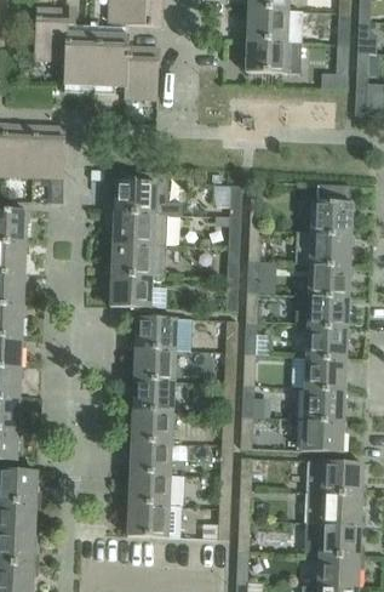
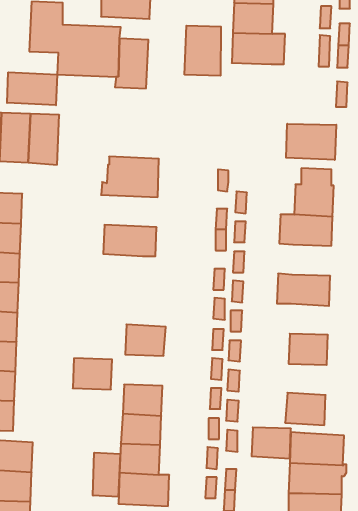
building: none -> [185,26,221,76]
building: none -> [7,72,57,105]
building: none -> [286,124,336,160]
building: [109,210,168,244] -> none
building: [309,262,350,295] -> none
building: [110,272,153,306] -> none
building: [136,314,178,348] -> none
building: [306,324,348,357] -> none
building: [133,377,174,410] -> [73,358,112,389]
building: [304,387,345,420] -> [252,427,291,459]
building: none -> [93,453,120,497]

